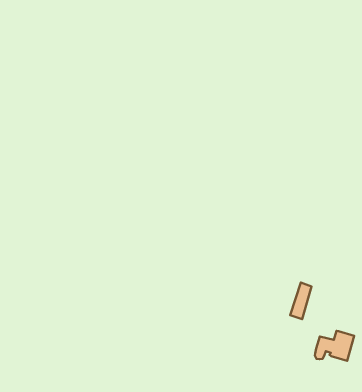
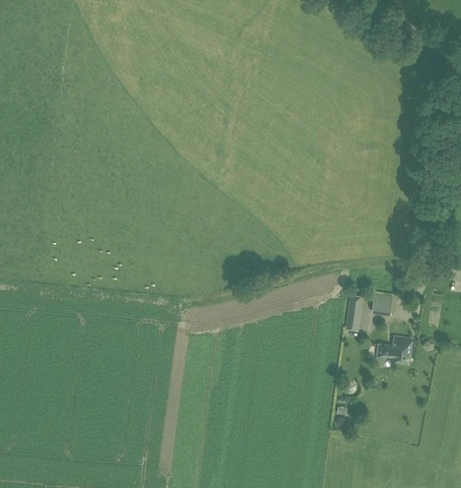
building: none -> [373,292,394,314]

